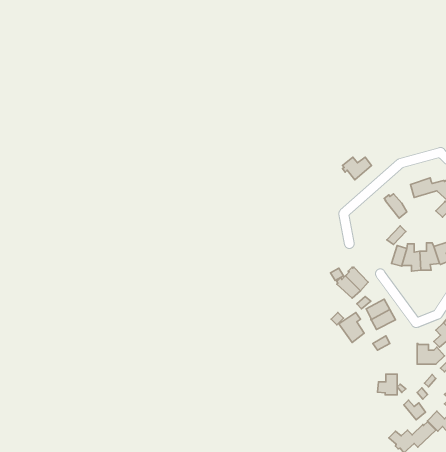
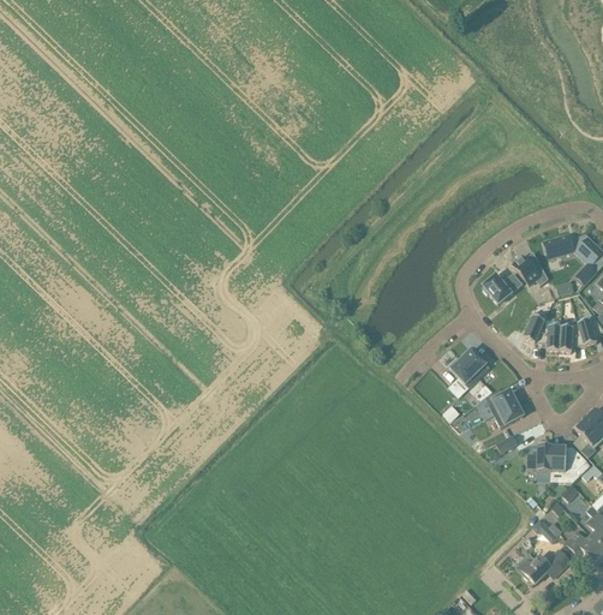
building: [342,157,372,180] -> [482,271,519,300]
building: [377,374,397,395] -> [527,444,553,471]

